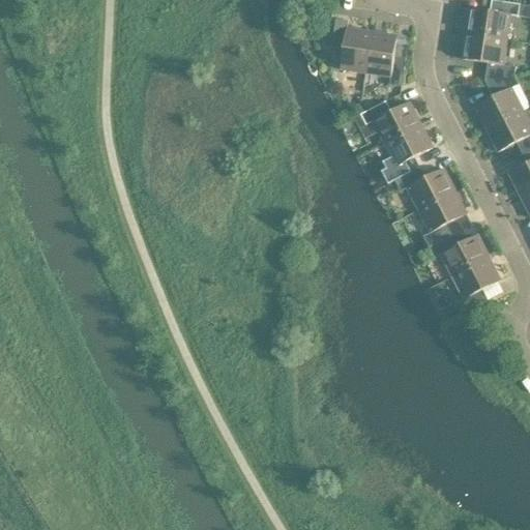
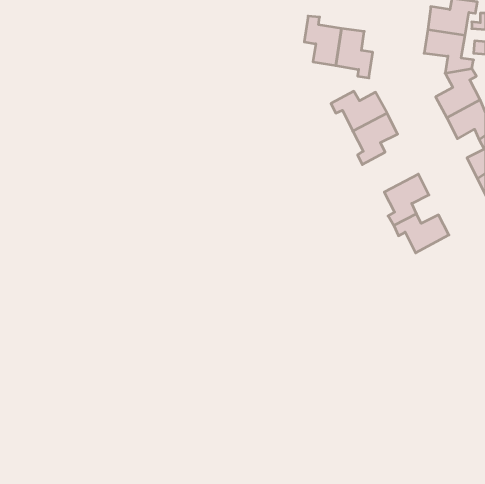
building: [395,166,457,209] -> none
building: [453,256,502,312] -> none

